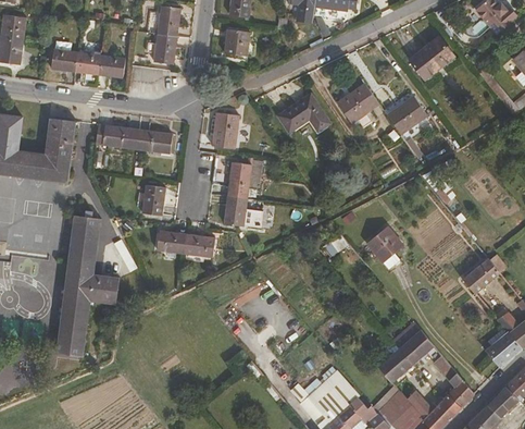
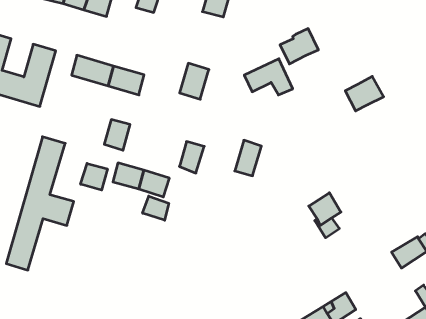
building: [408,38,454,82] -> none
building: [337,84,378,124] -> [280,29,318,64]
building: [227,162,251,198] -> [235,140,261,176]
building: none -> [81,163,107,190]
building: none -> [143,196,169,220]

